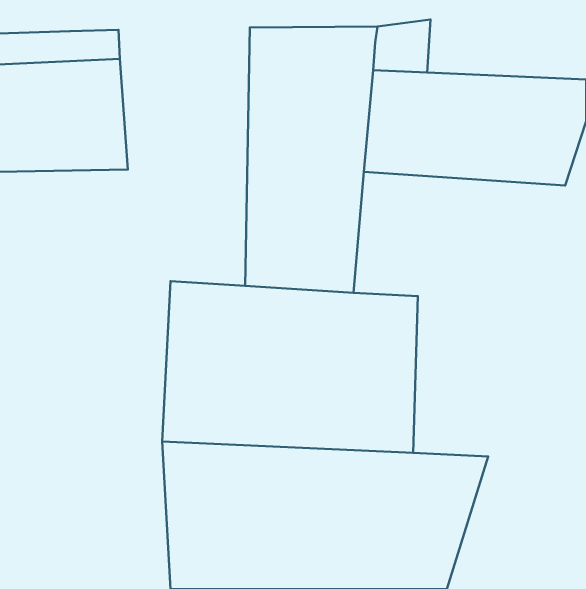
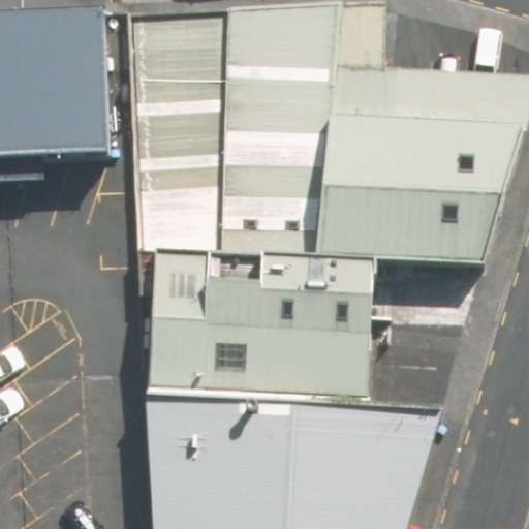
building: none -> [134,25,224,256]
building: none -> [317,154,507,273]

